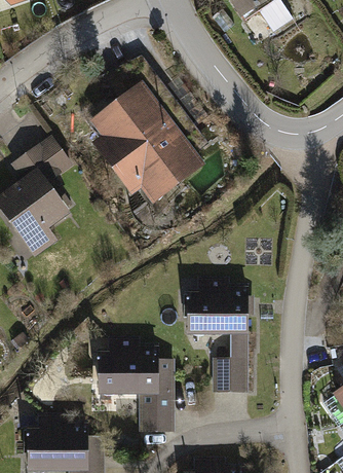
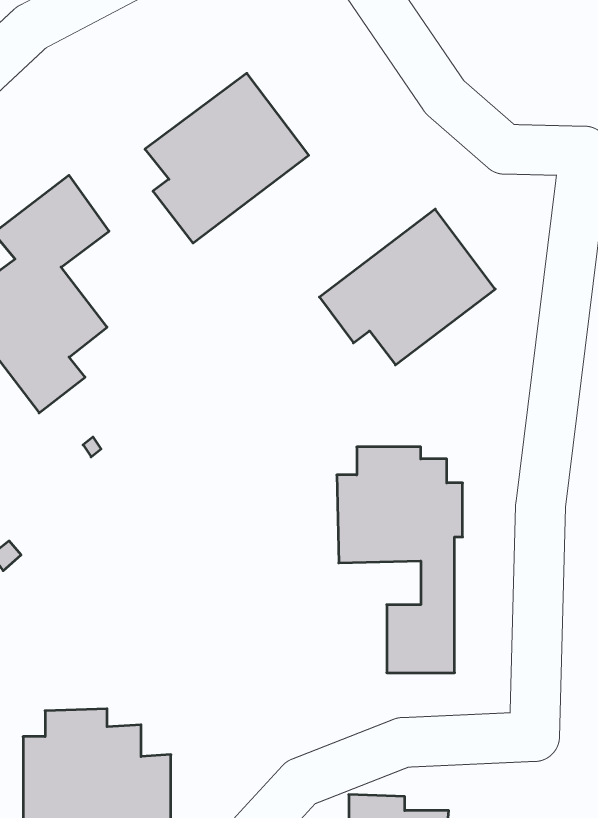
building: [115,129,205,209] -> [319,209,495,365]
building: [100,335,176,432] -> none

